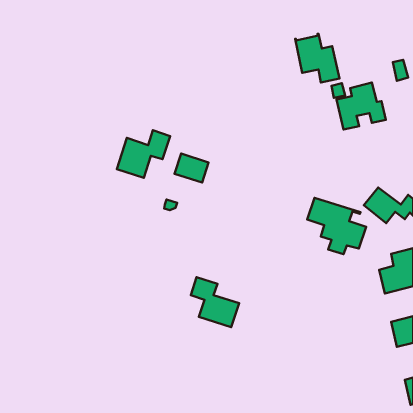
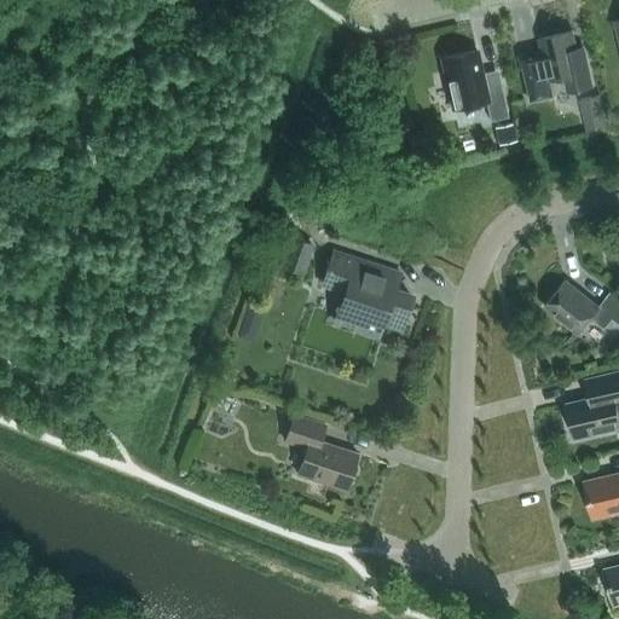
building: [336,83,386,129] -> [519,30,592,100]
building: [117,130,170,178] -> none
building: [307,198,366,254] -> [322,251,410,336]

